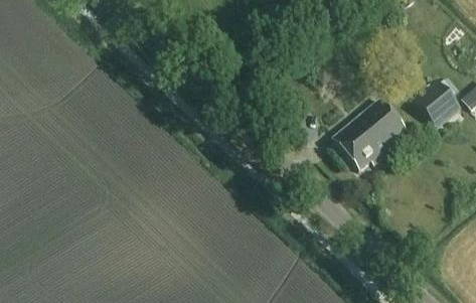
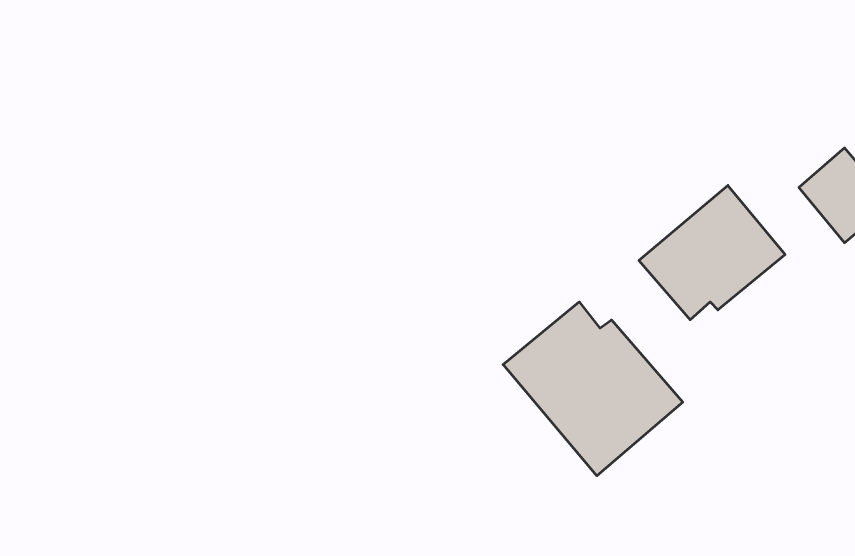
building: none -> [503,302,683,476]

